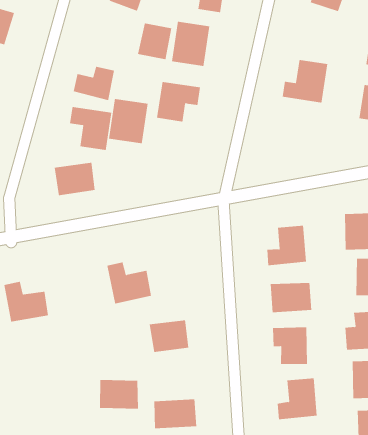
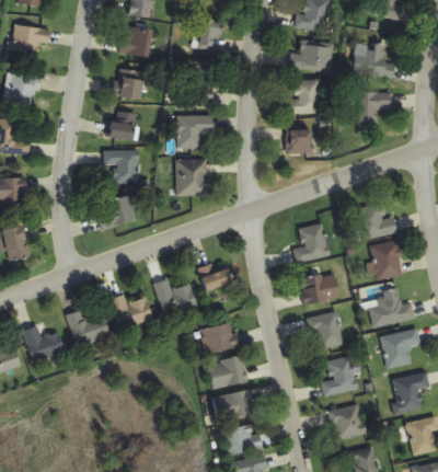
building: none -> [288,42,333,73]
building: [137,23,172,60] -> [115,69,142,99]
building: [108,98,148,144] -> [176,159,207,195]
building: none -> [285,129,310,153]
building: none -> [196,262,231,292]
building: none -> [109,295,152,331]
building: [99,380,139,409] -> [208,358,246,388]

